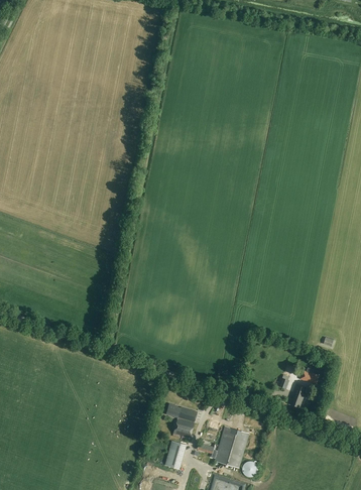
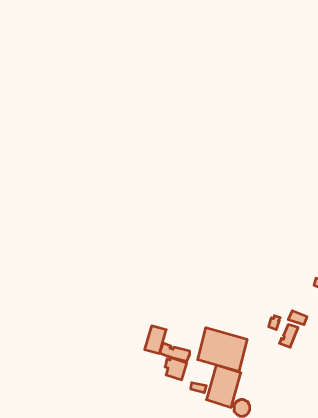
building: none -> [198,328,247,371]
building: [164,440,187,468] -> [145,326,166,353]

